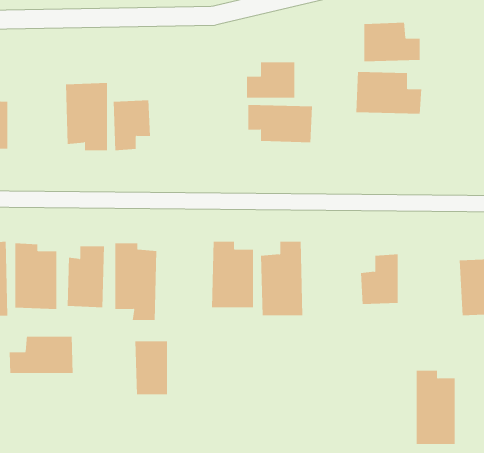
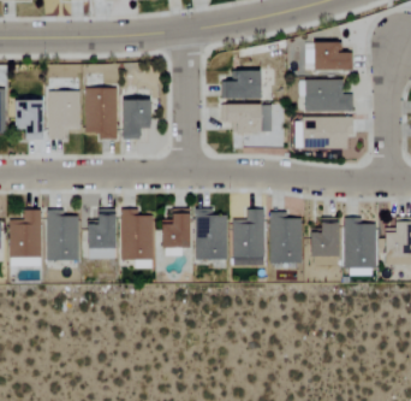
building: none -> [49,92,82,140]
building: none -> [303,118,352,149]
building: none -> [272,211,303,263]
building: [9,336,73,374] -> none
building: [134,341,168,395] -> [162,214,187,255]
building: [416,370,455,445] -> [346,218,376,275]

